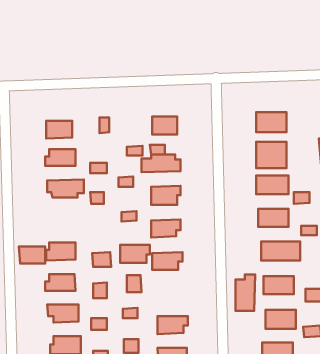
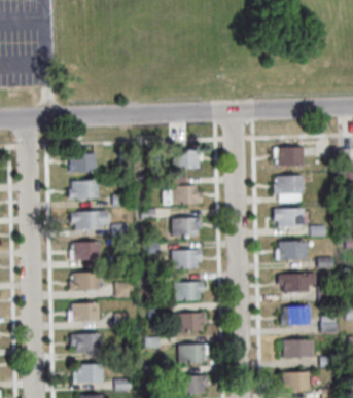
building: [120,245,150,263] -> [176,314,205,331]
building: [19,247,45,263] -> [73,243,99,259]
building: [235,274,255,311] -> none

